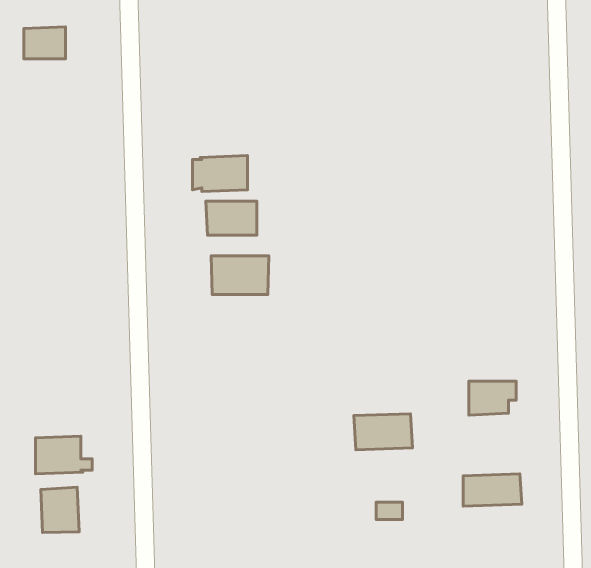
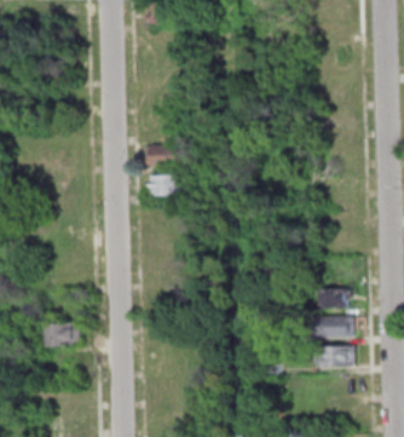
building: [211,256,269,295] -> none
building: [354,414,412,450] -> [316,315,353,338]
building: [41,487,79,533] -> none

